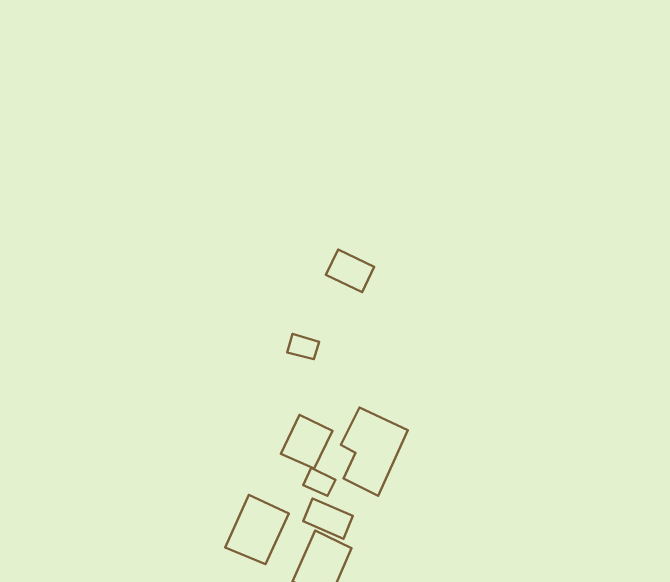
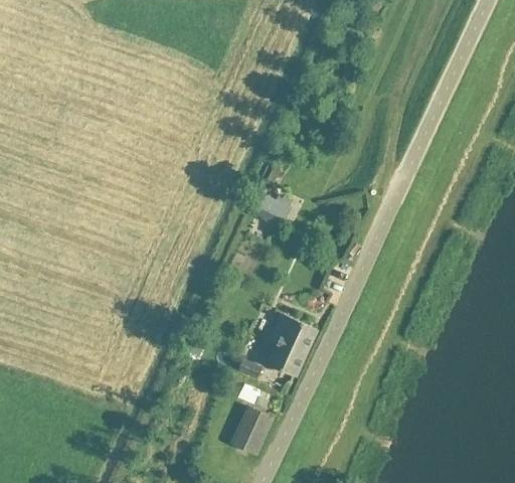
building: [281,415,333,469] -> none
building: [225,495,289,564] -> none

